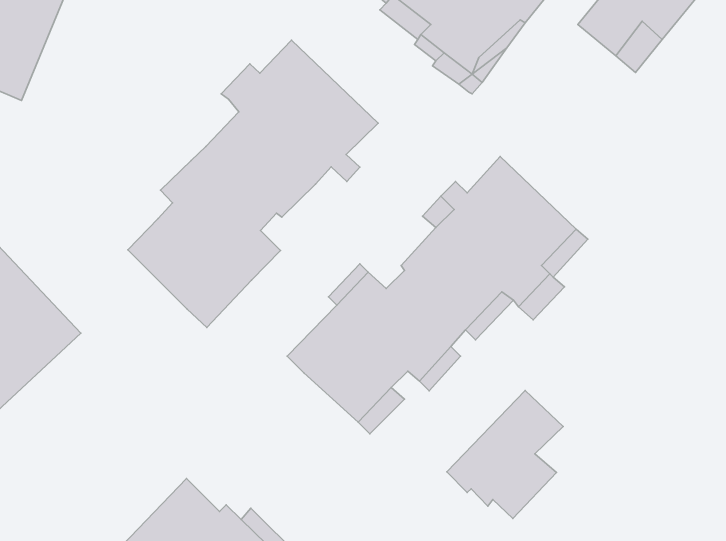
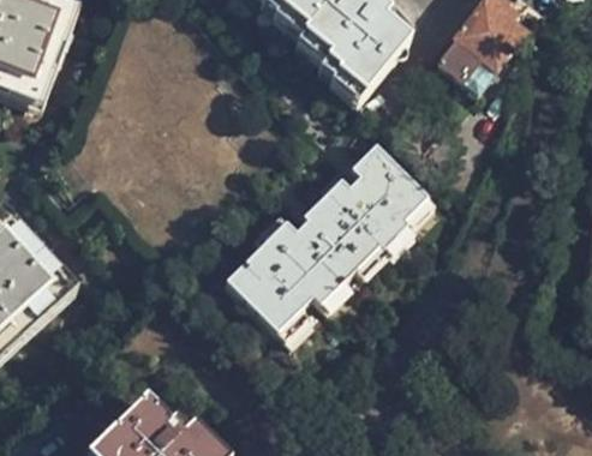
building: [128,40,378,327] -> none
building: [447,390,563,518] -> none

